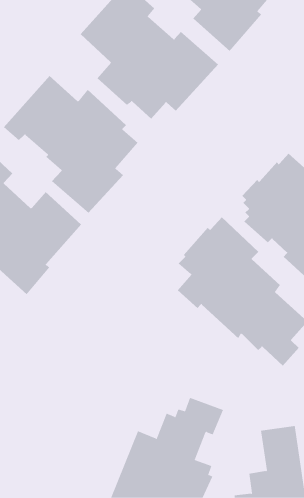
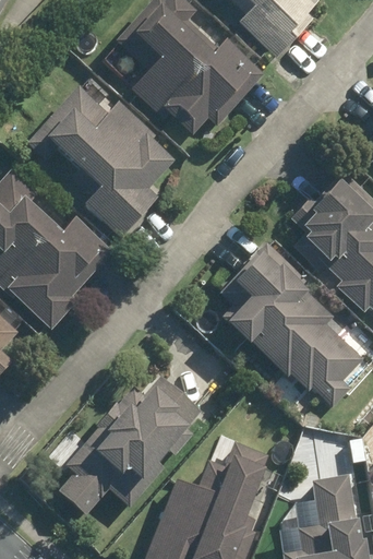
building: none -> [57,376,203,518]

